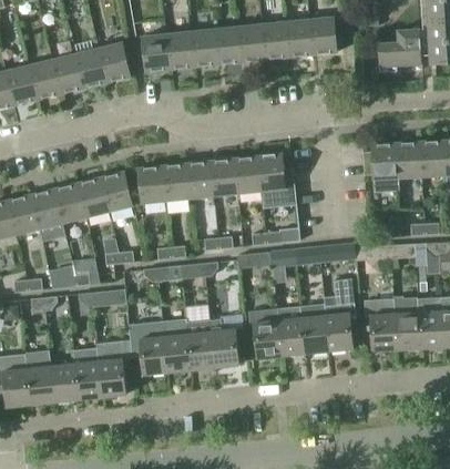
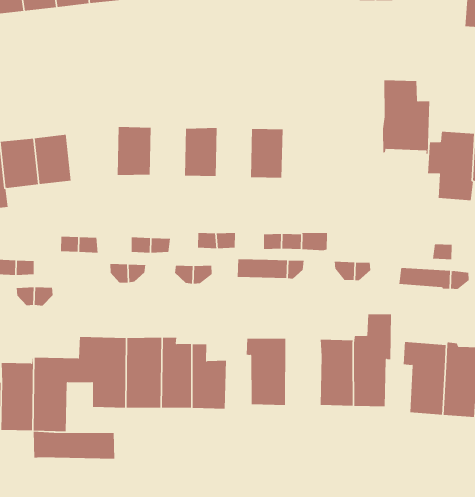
building: [257,154,296,210] -> [382,80,430,154]
building: [209,159,237,196] -> none
building: [162,164,190,201] -> none
building: [101,173,132,212] -> none
building: [277,305,307,356] -> none
building: none -> [33,431,115,460]

